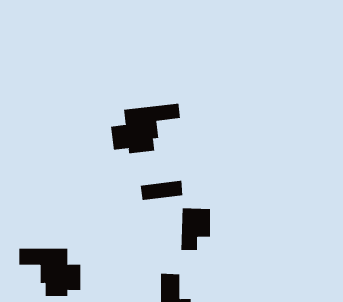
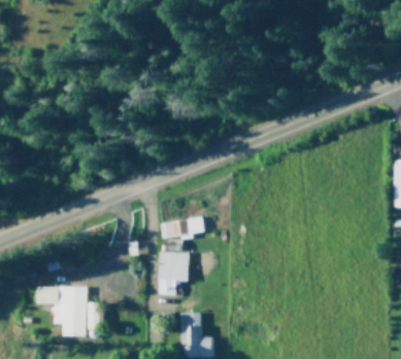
building: [111,103,181,154] -> none
building: [181,208,211,250] -> [159,252,190,295]

